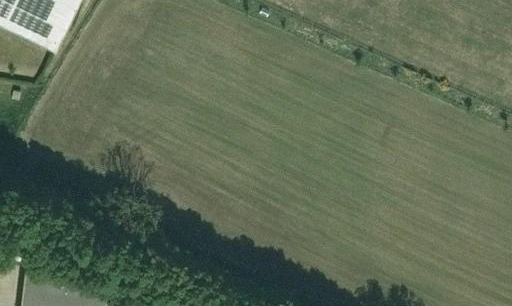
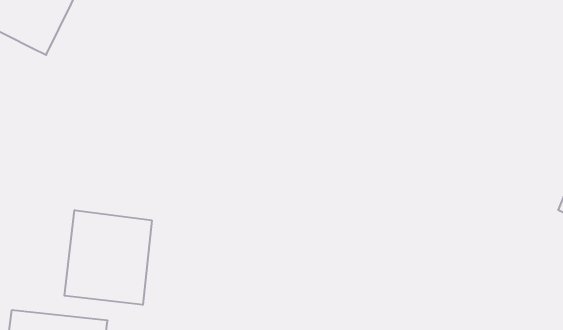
building: none -> [64,210,152,305]

